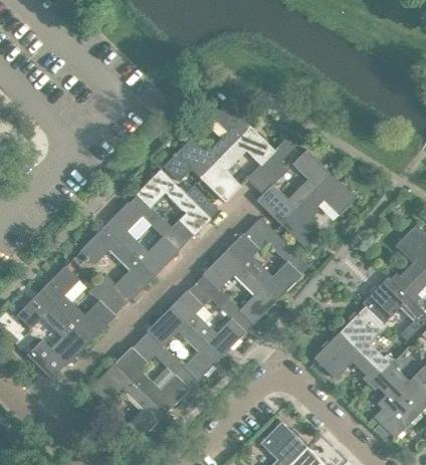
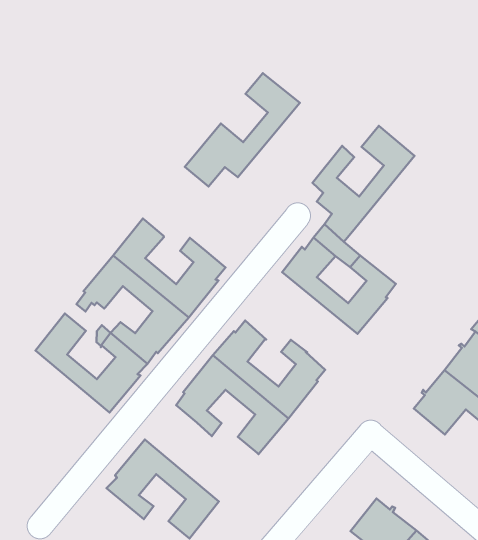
building: [201,127,293,201] -> none
building: [130,169,219,242] -> none
building: [281,173,357,248] -> none
building: [197,249,278,324] -> none
building: [17,290,91,372] -> none
building: [116,339,197,413] -> none

